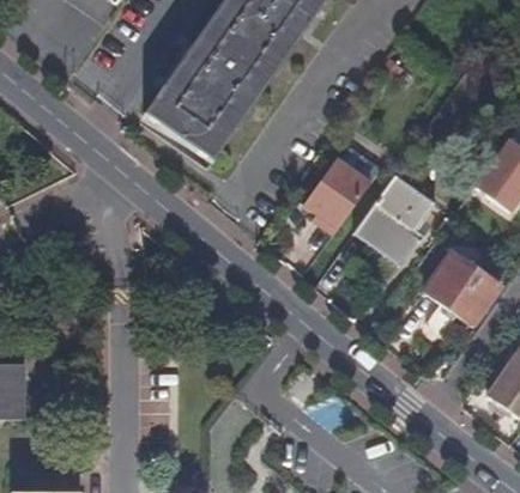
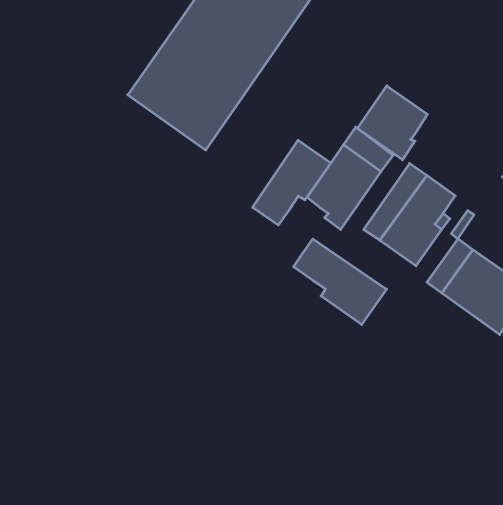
building: none -> [357,86,427,160]
building: none -> [253,140,331,225]
building: none -> [294,239,387,325]

